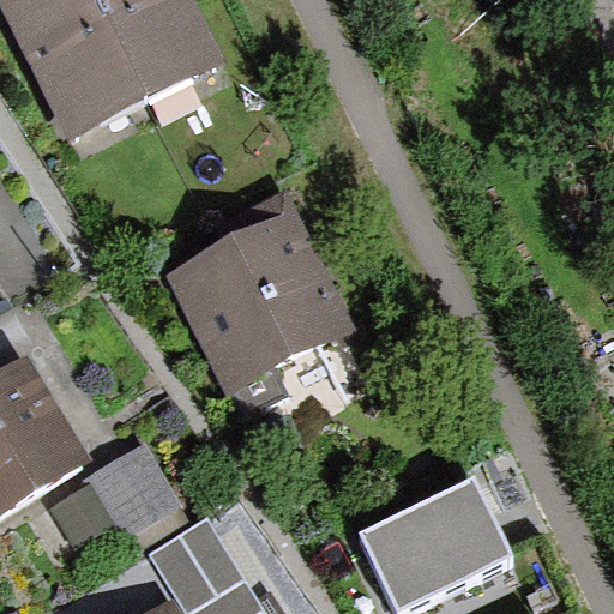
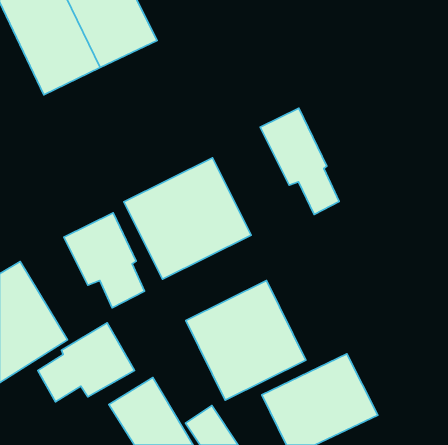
building: none -> [260,108,339,215]
building: none -> [64,213,145,308]
building: none -> [186,280,306,400]

